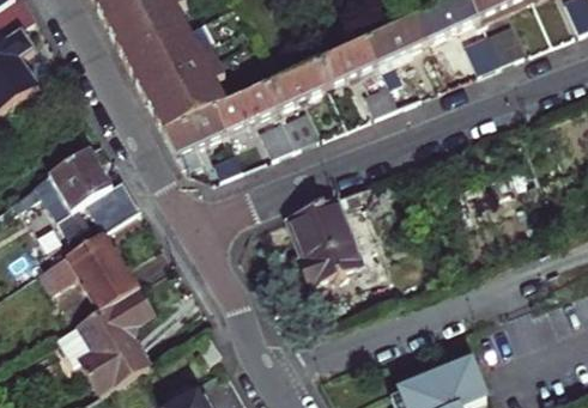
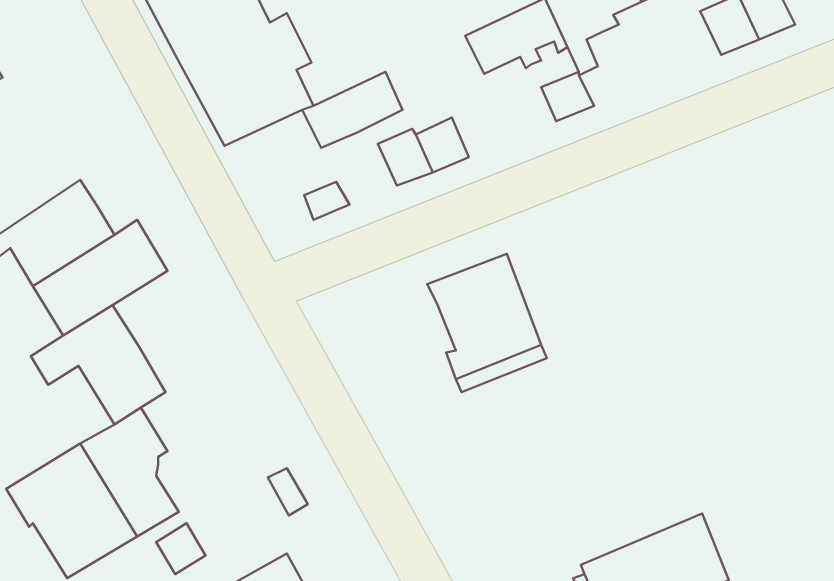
building: [268,57,331,104] -> none
building: [166,104,230,164] -> none

